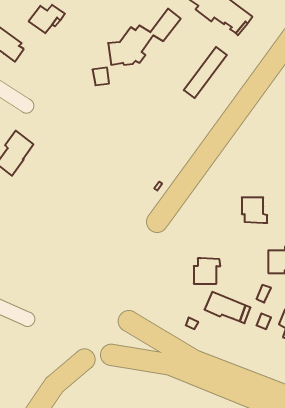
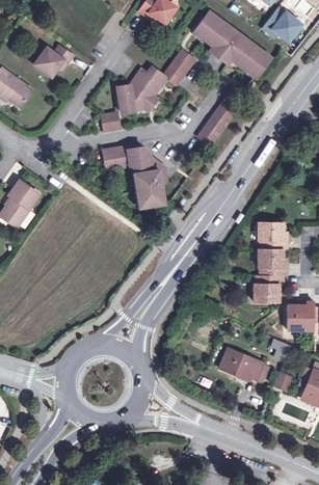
building: none -> [103,146,165,207]
building: none -> [259,223,286,249]
building: [194,258,220,284] -> [255,275,283,302]

